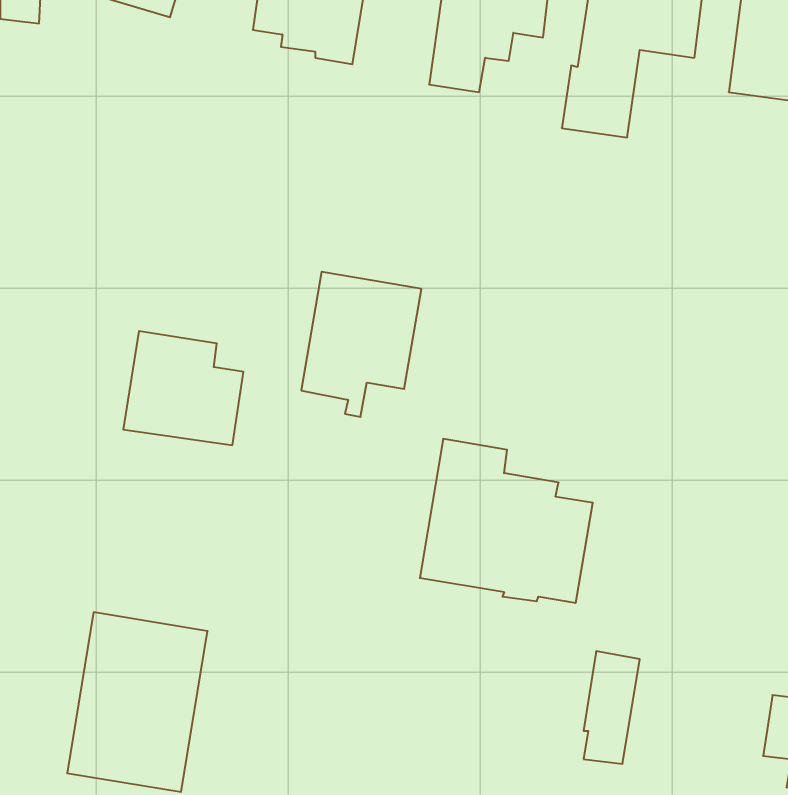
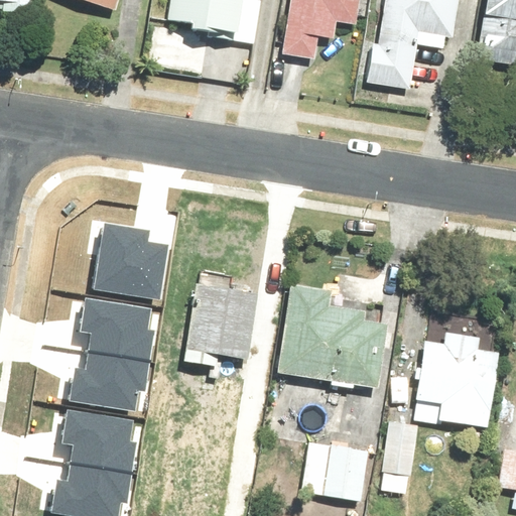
building: [301,272,421,417] -> [182,284,260,378]
building: none -> [64,285,155,401]
building: none -> [415,333,500,428]
building: none -> [302,439,371,502]

